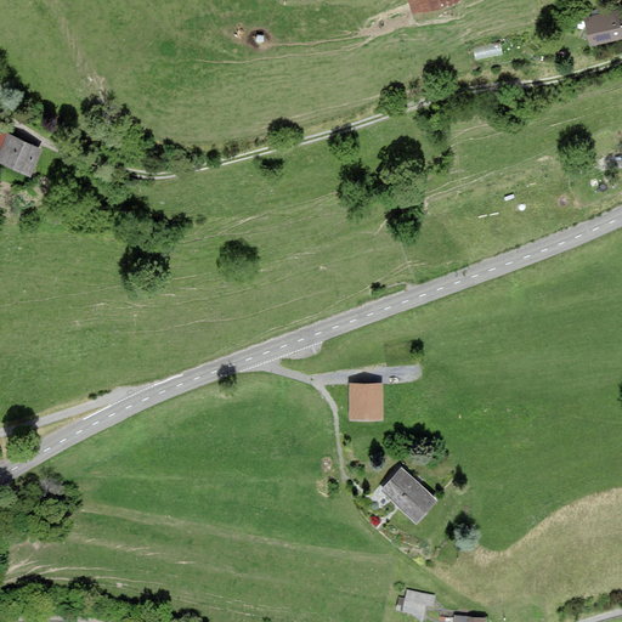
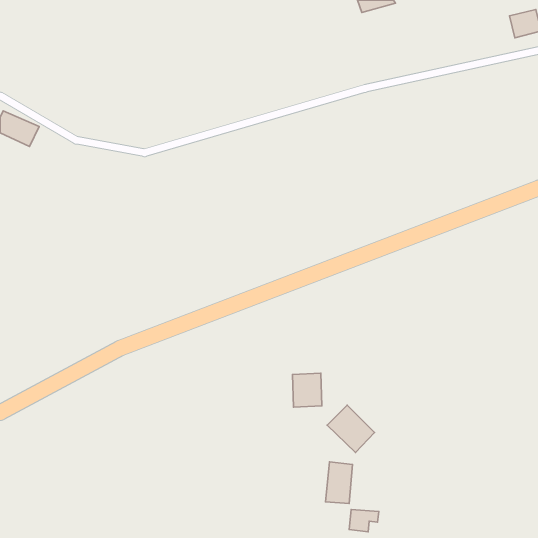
building: [349,384,383,423] -> [292,373,322,407]
building: none -> [326,462,352,504]

